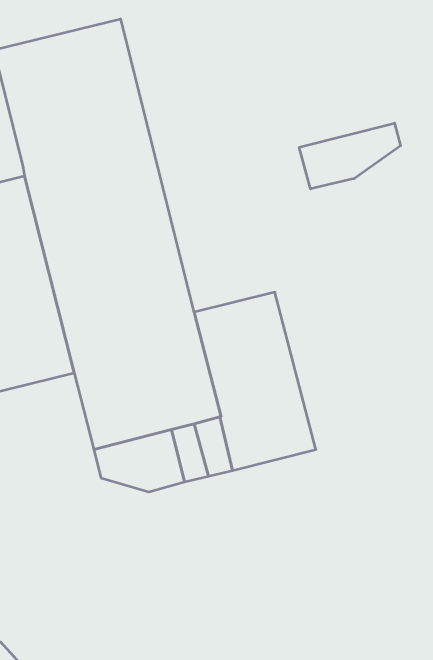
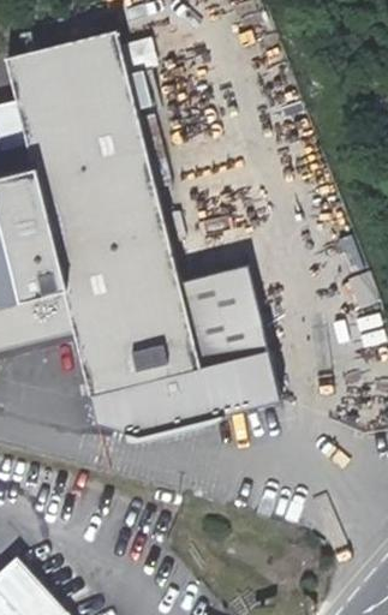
building: [299,123,401,189] -> none

